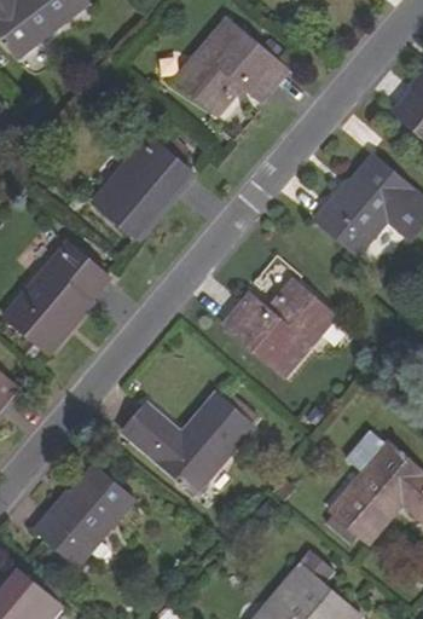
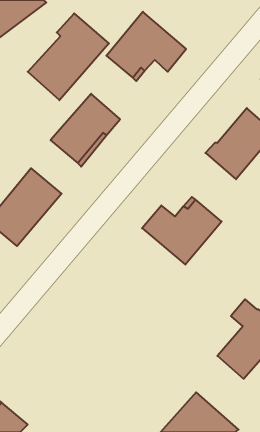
building: none -> [28,13,109,100]
building: [122,394,254,494] -> none
building: [35,467,134,567] -> none

